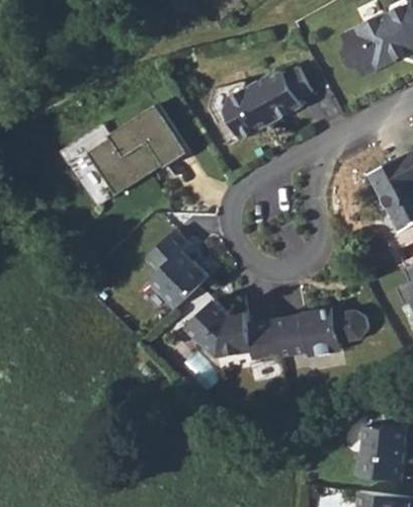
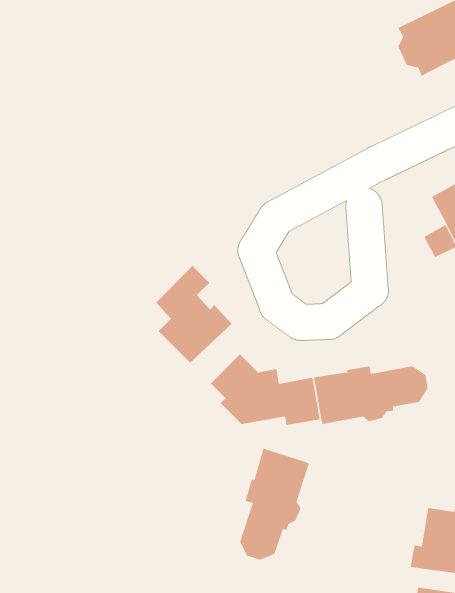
building: [226,66,313,139] -> none
building: [87,105,186,196] -> none
building: none -> [240,448,310,561]

